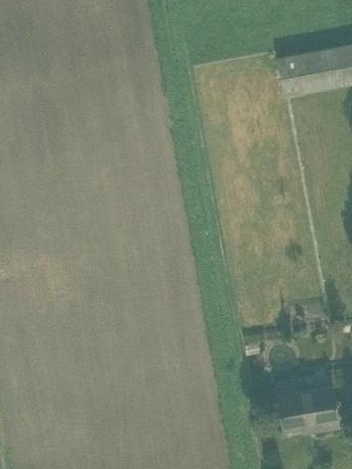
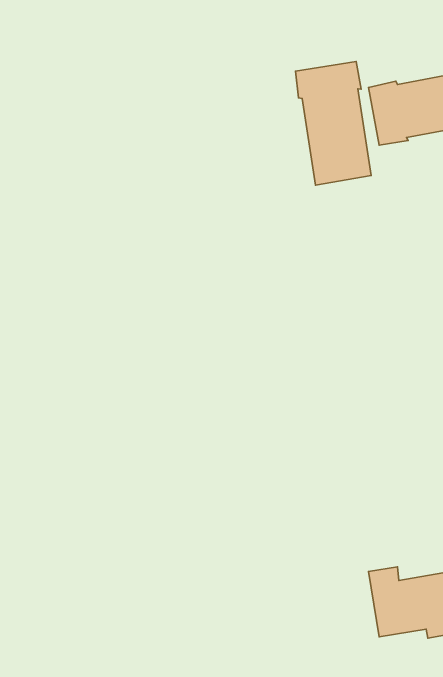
building: none -> [295,61,371,185]

